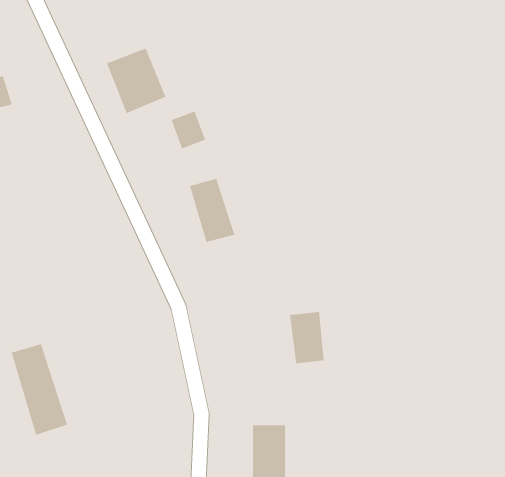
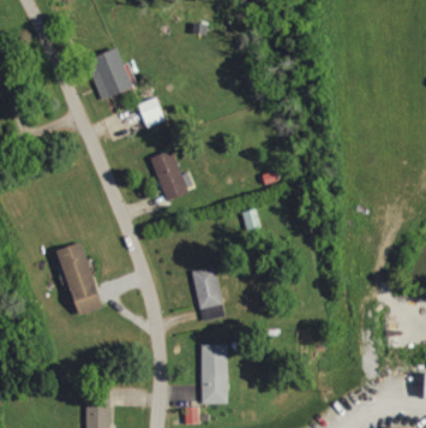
building: [289,312,325,364] -> [192,267,220,308]
building: [11,343,68,435] -> [58,243,102,315]

